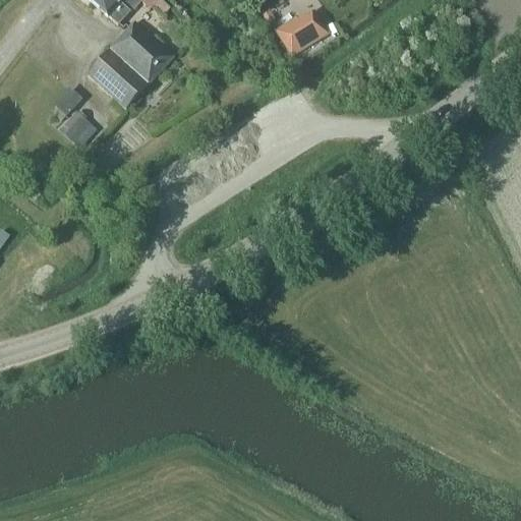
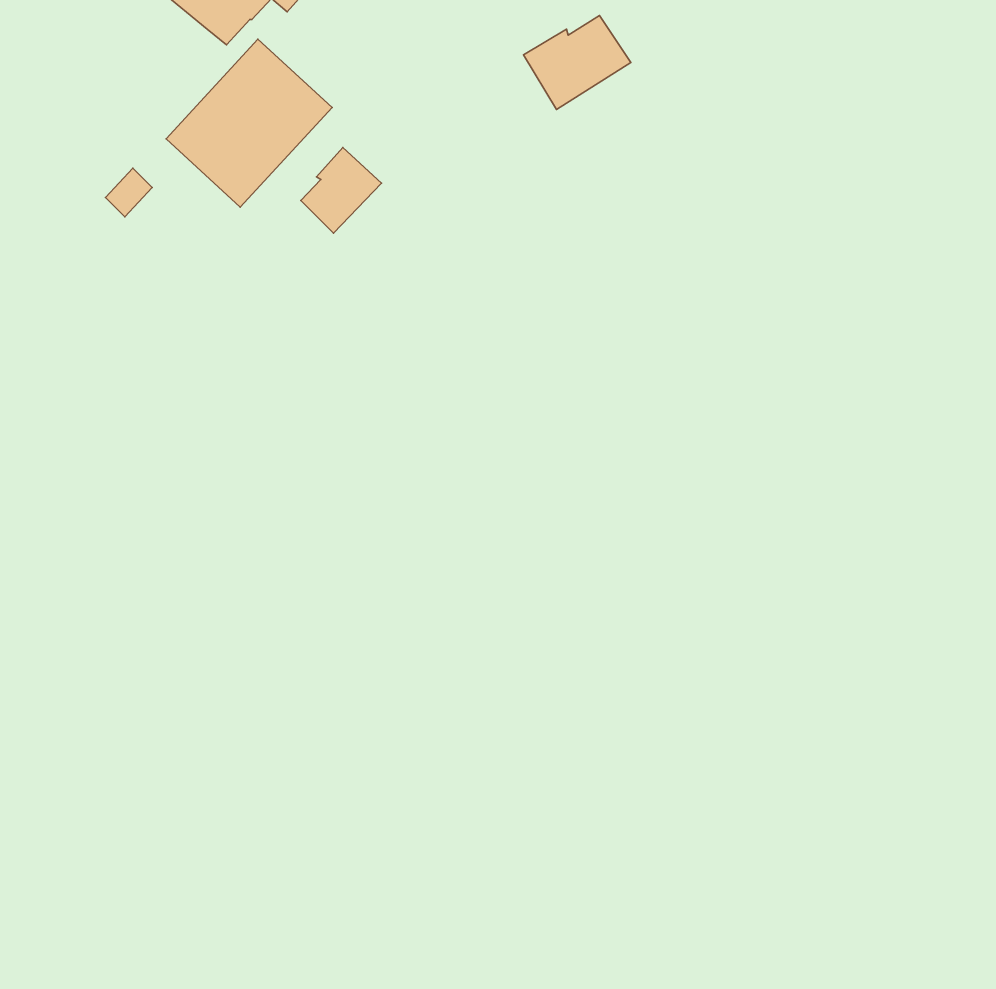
building: none -> [301,148,381,233]
building: [61,110,98,147] -> none

